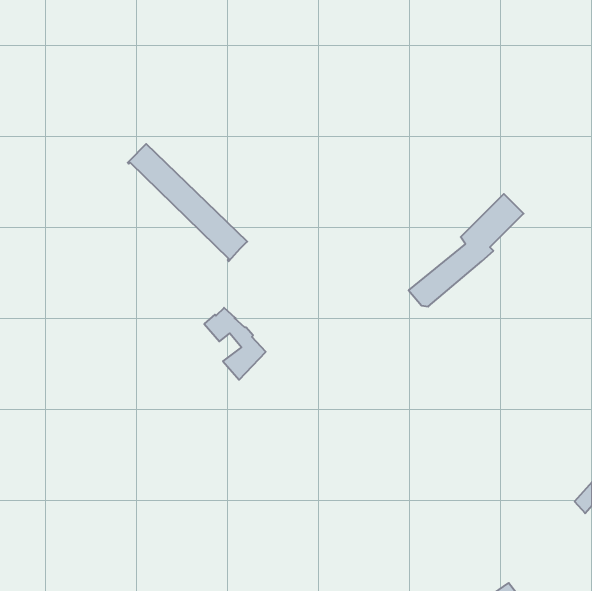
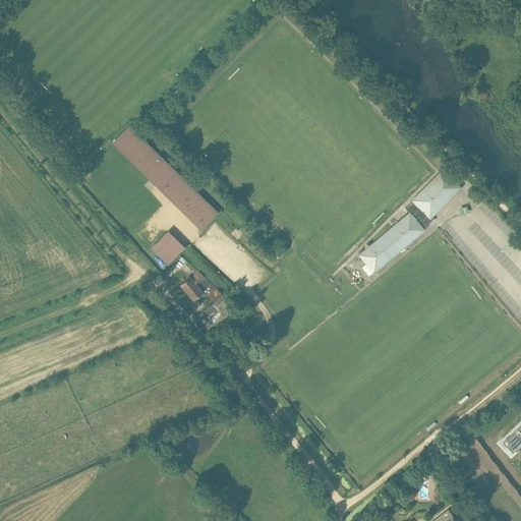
building: none -> [151,234,182,266]

